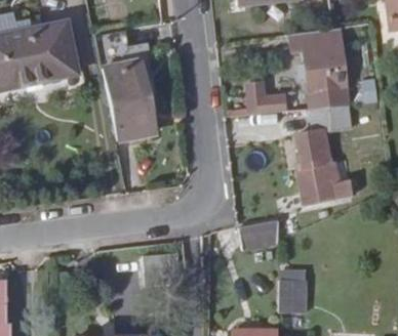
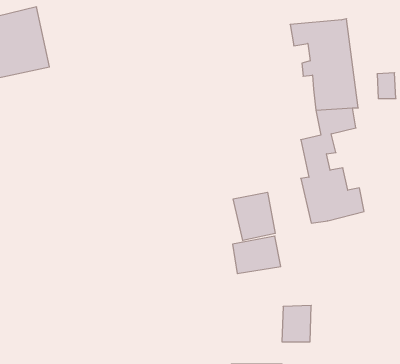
building: [95,27,156,138] -> none
building: [248,81,289,112] -> none
building: none -> [233,192,275,241]

